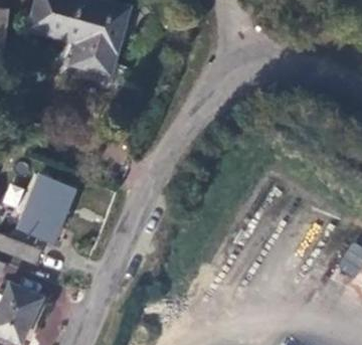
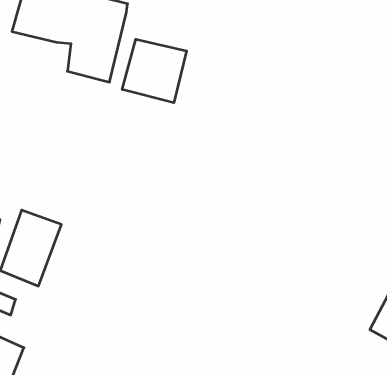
building: none -> [122,39,187,103]

